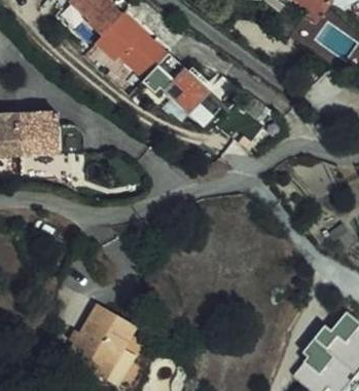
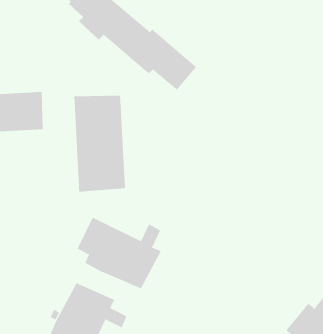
building: none -> [74,95,125,193]
building: none -> [77,217,161,289]

